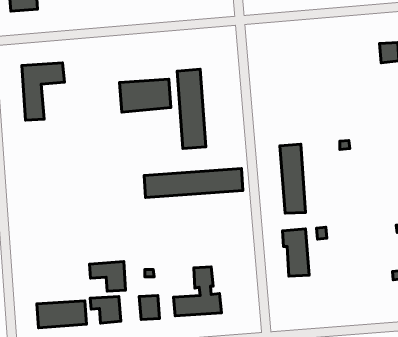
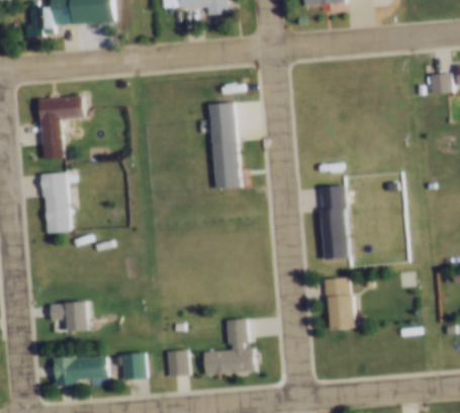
building: [120,79,171,112] -> none
building: none -> [41,172,74,233]
building: [144,169,243,197] -> none
building: [90,262,126,291] -> [51,302,90,334]

